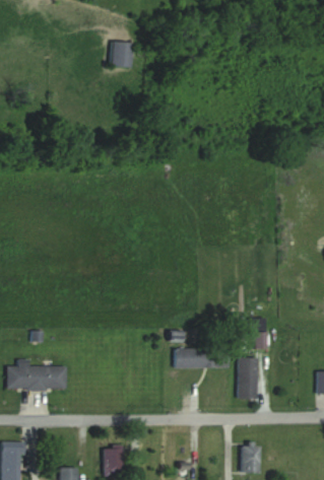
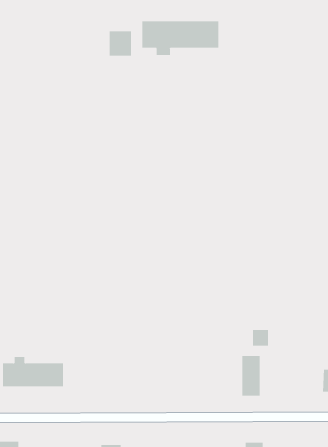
building: none -> [142,20,219,56]
building: [174,349,226,368] -> none

